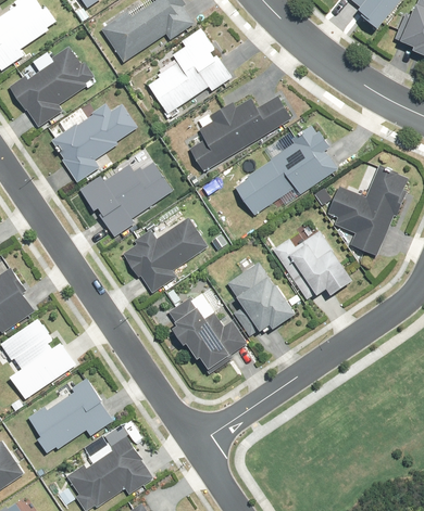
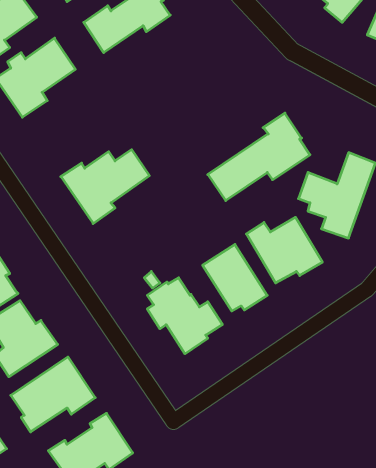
building: [146,27,233,120] -> none
building: [187,97,291,173] -> none
building: [55,104,136,179] -> none
building: [117,218,207,294] -> none

